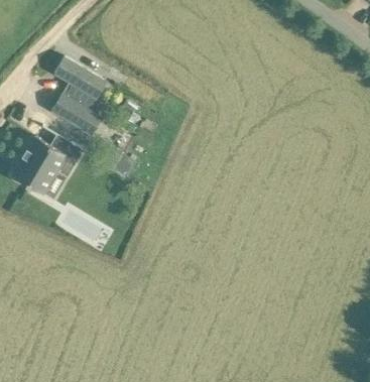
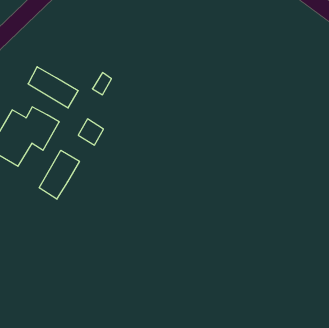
building: [54,57,107,105] -> none
building: none -> [39,150,79,199]

